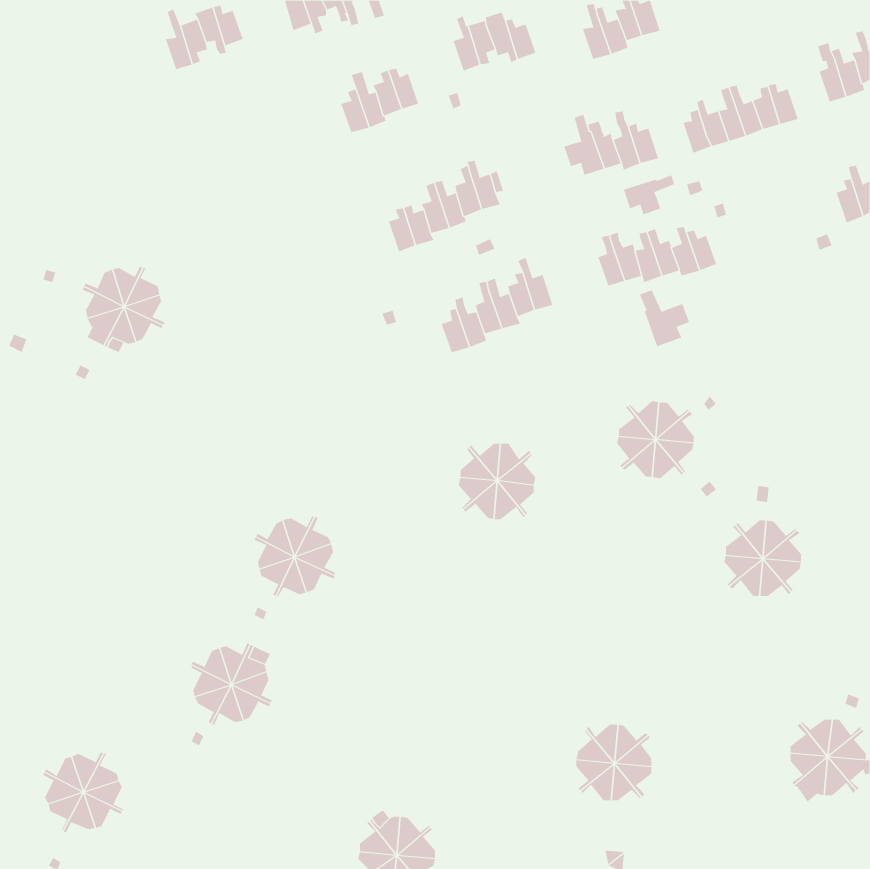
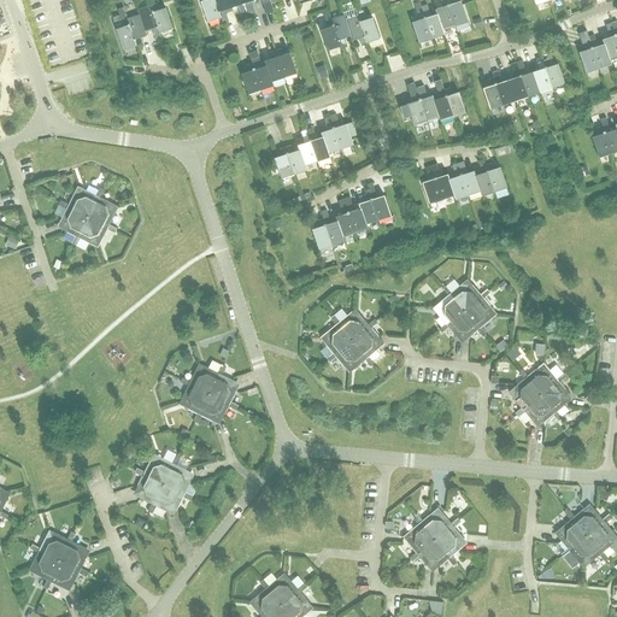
building: [623,175,675,215] -> none
building: [639,290,690,347] -> none

